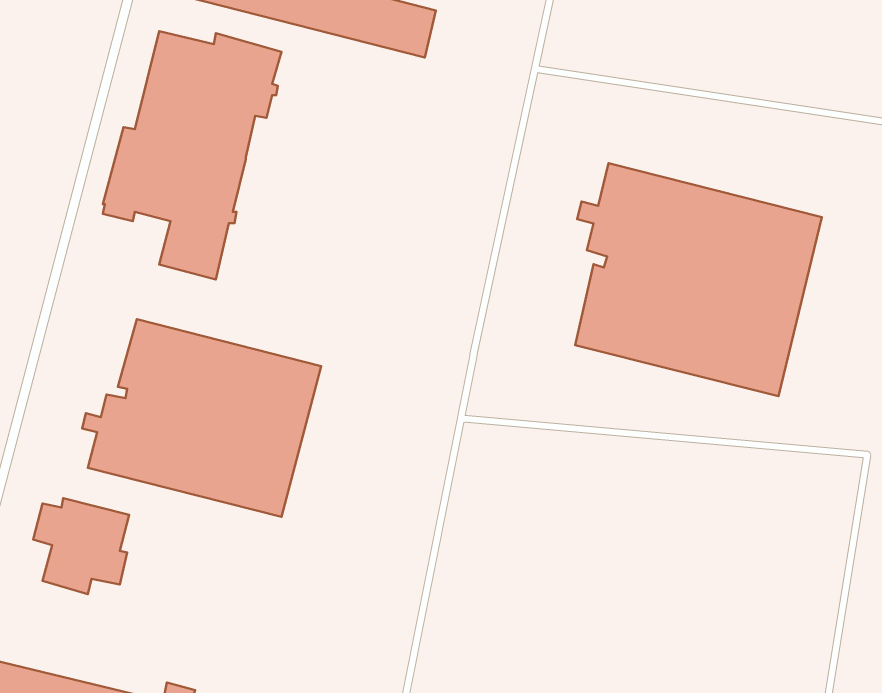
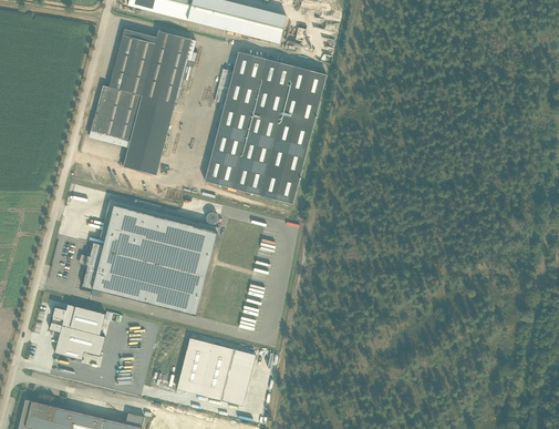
building: none -> [205,52,325,203]
building: [575,163,822,396] -> none
building: none -> [177,337,256,406]

